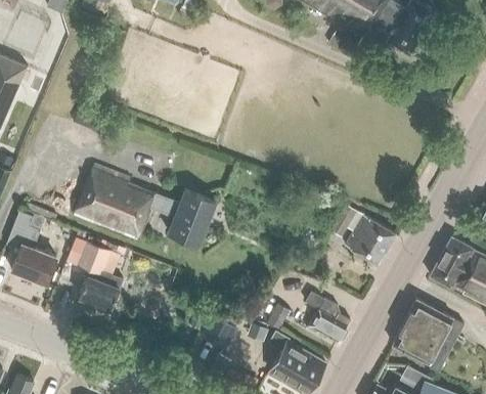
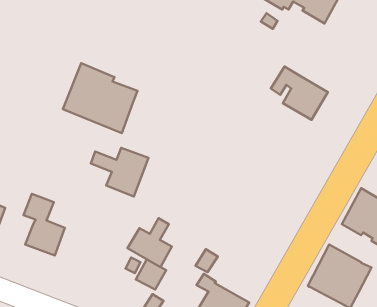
building: [73,164,156,242] -> [63,63,137,133]
building: [332,205,395,264] -> [271,66,328,120]
building: none -> [128,218,172,267]
building: [305,291,350,340] -> none

